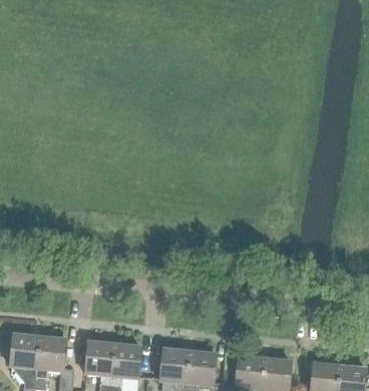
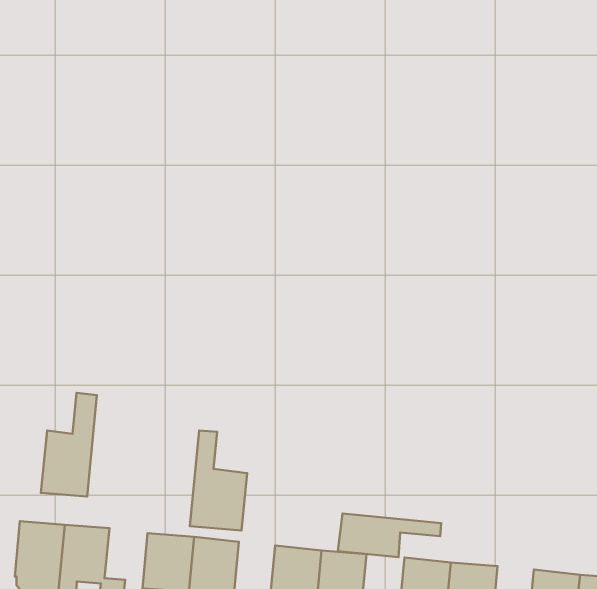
building: none -> [41,393,97,496]
building: none -> [190,430,247,530]
building: none -> [338,514,441,557]

